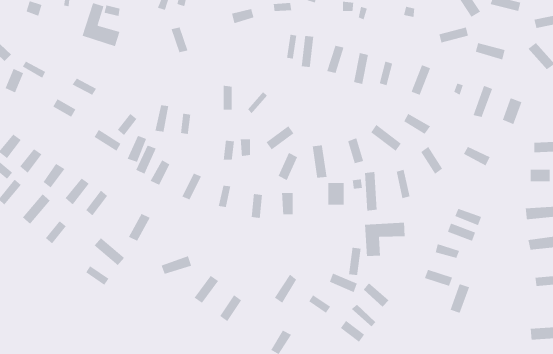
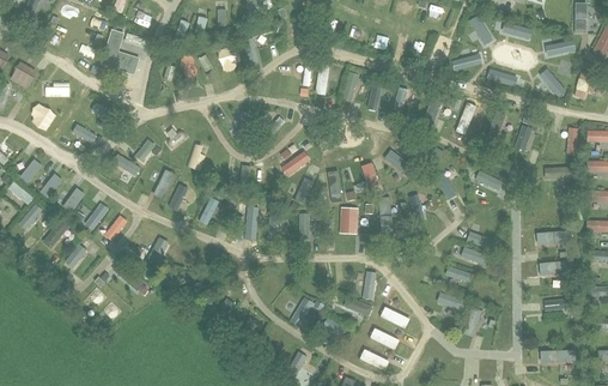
building: [364,222,406,257] -> none

